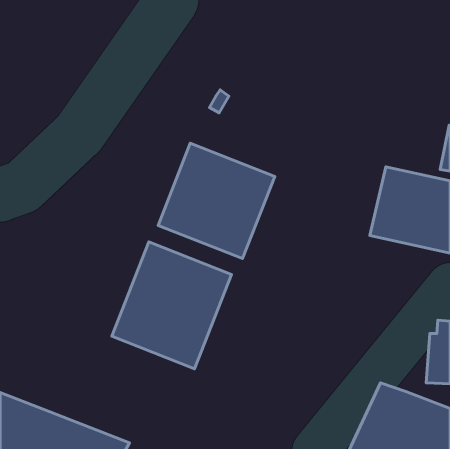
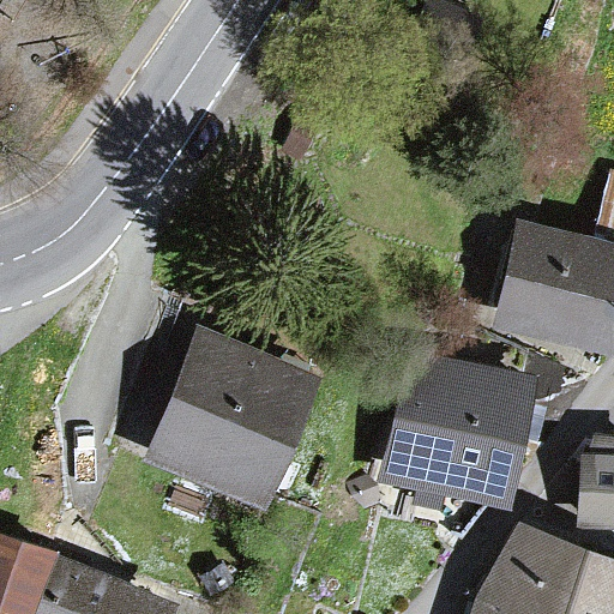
building: [158,143,275,259] -> none
building: none -> [386,355,534,502]

